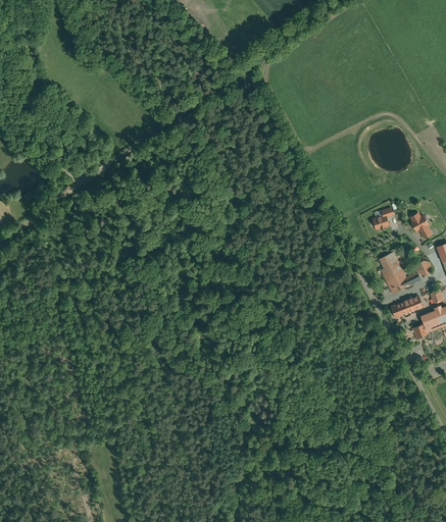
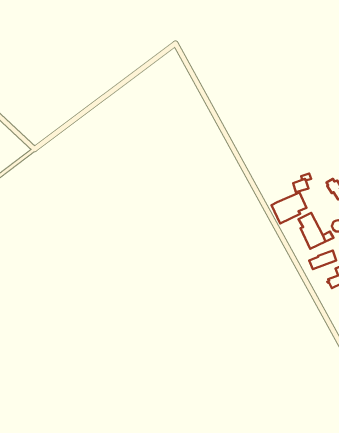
building: none -> [271,193,307,223]

